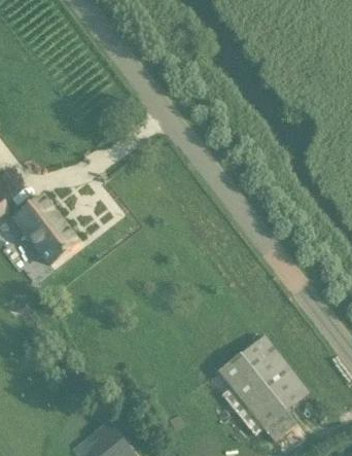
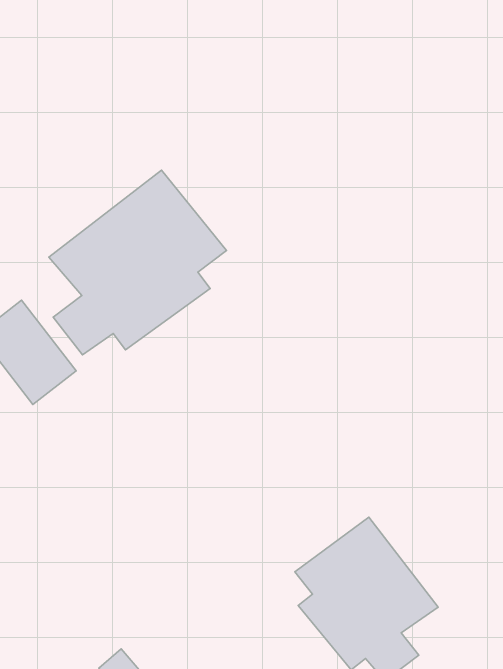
building: none -> [49,170,226,355]

